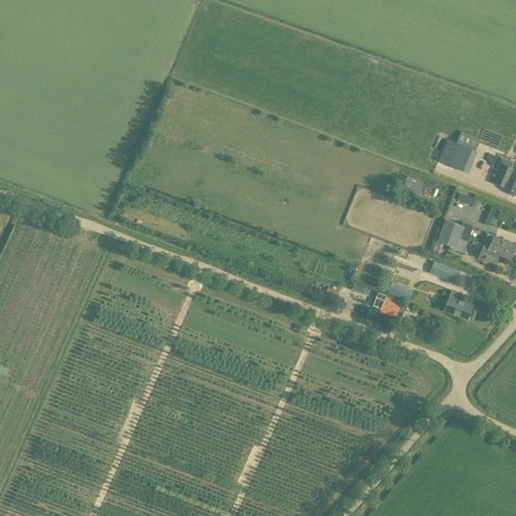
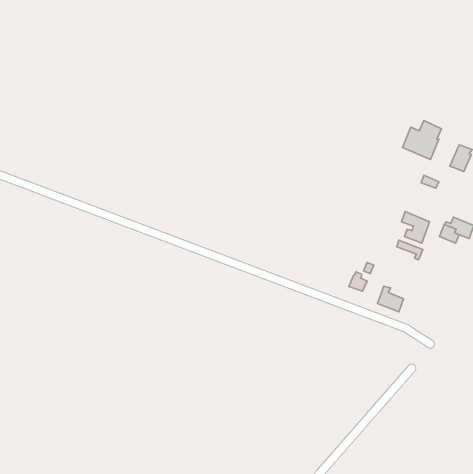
building: [441,219,474,241] -> none
building: [444,291,473,319] -> [377,286,403,312]

